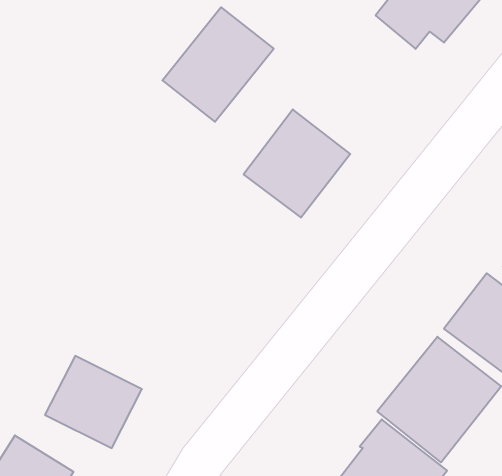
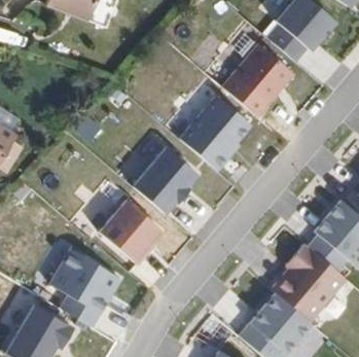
building: [162,7,274,122] -> [222,41,294,115]
building: none -> [135,146,201,213]
building: none -> [96,198,166,270]

